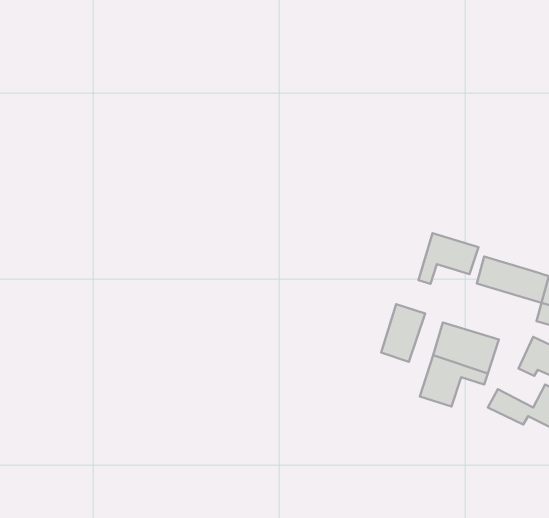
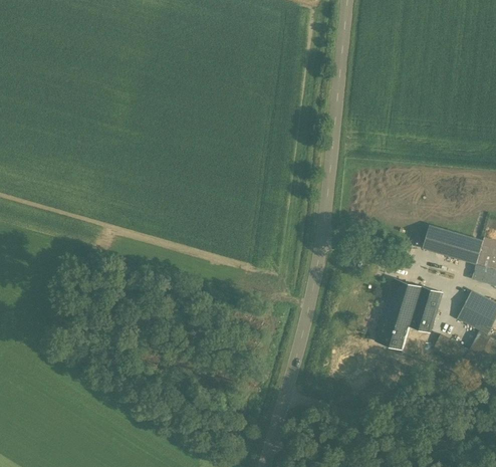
building: [418,233,478,284] -> none
building: [381,304,425,362] -> none

